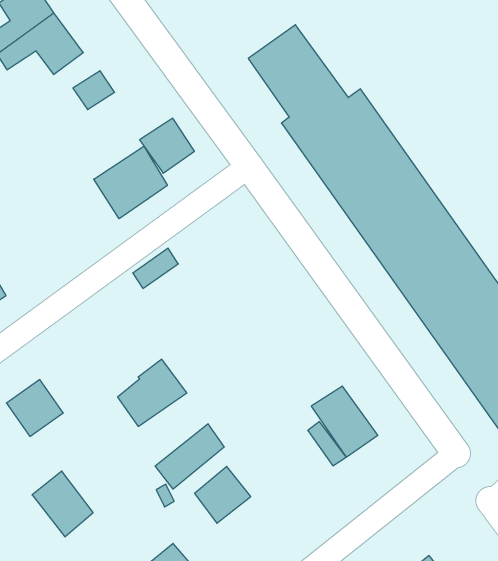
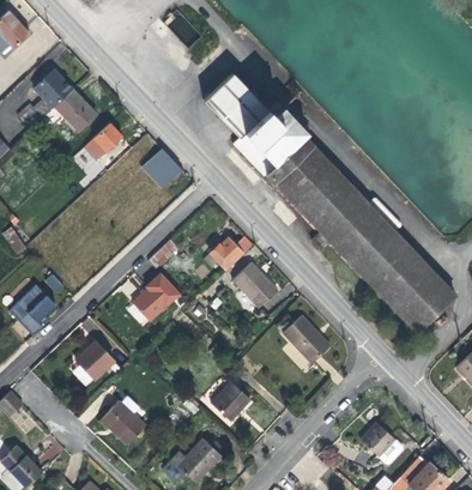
building: [94,146,167,219] -> none
building: none -> [204,237,253,270]
building: none -> [232,262,278,307]
building: [118,359,187,426] -> [134,272,181,320]
building: [155,424,224,489] -> none

